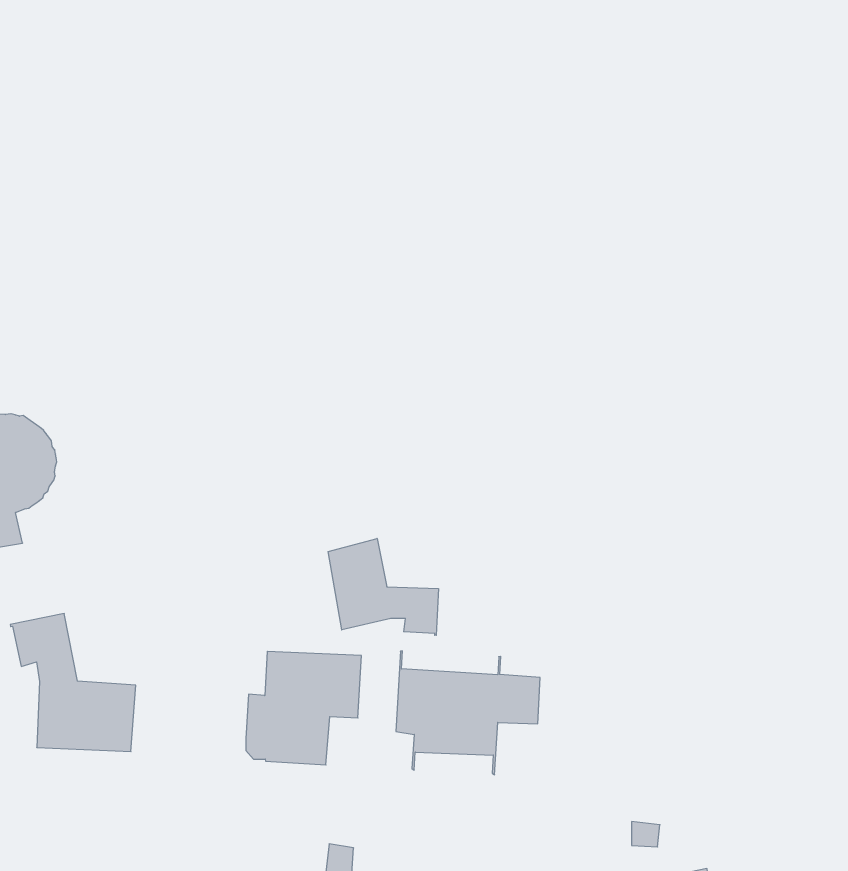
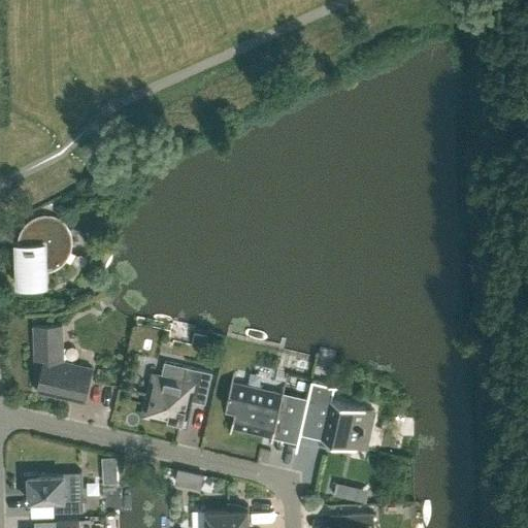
building: [328,538,438,635] -> none
building: none -> [295,382,375,452]

